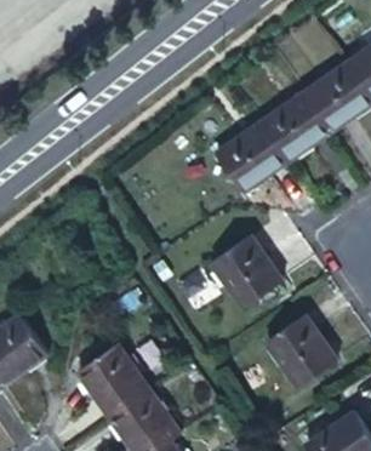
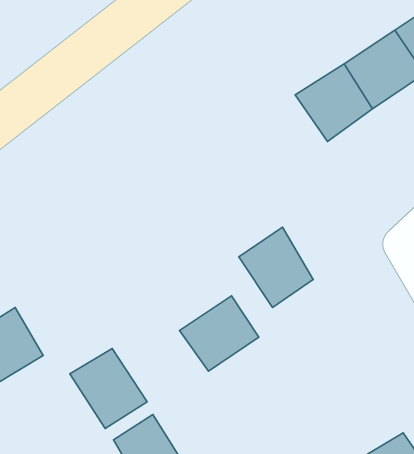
building: [226,120,292,187] -> none
building: none -> [180,296,259,371]
building: [269,319,336,384] -> none

